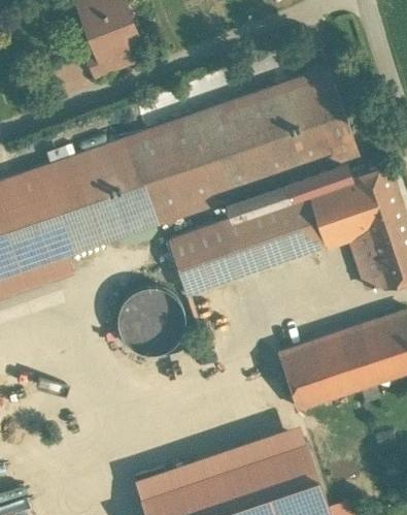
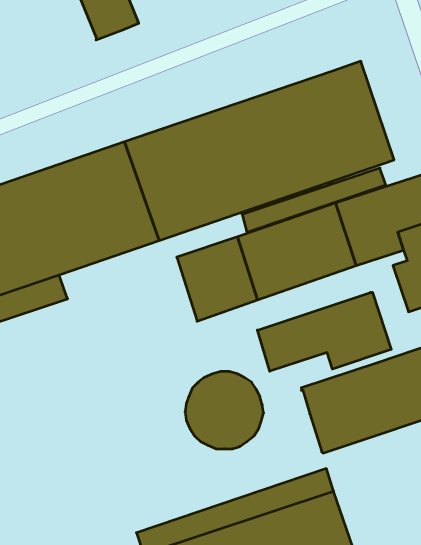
building: [86,41,132,77] -> none
building: none -> [257,292,391,371]
building: [116,287,184,354] -> [185,372,264,449]

